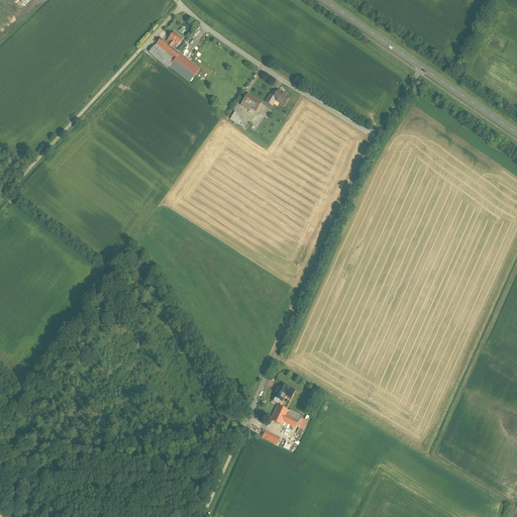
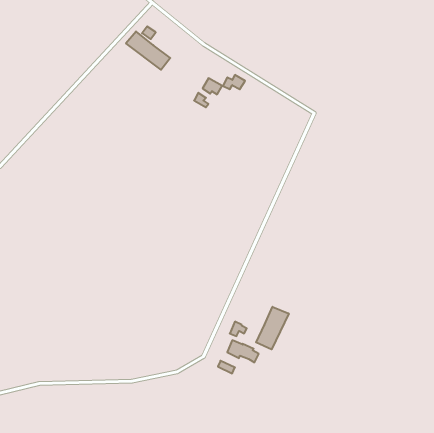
building: none -> [256,307,289,349]

